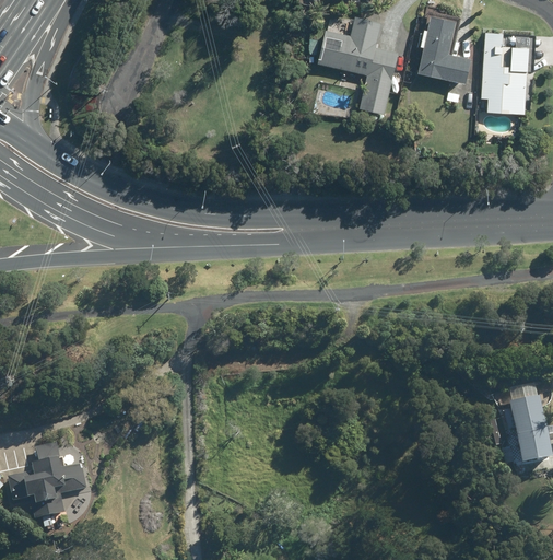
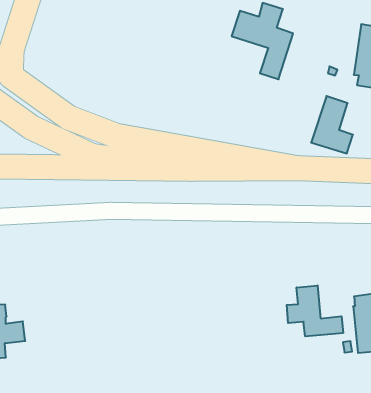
building: [416,12,470,84] -> [311,96,353,153]
building: none -> [287,285,343,336]

